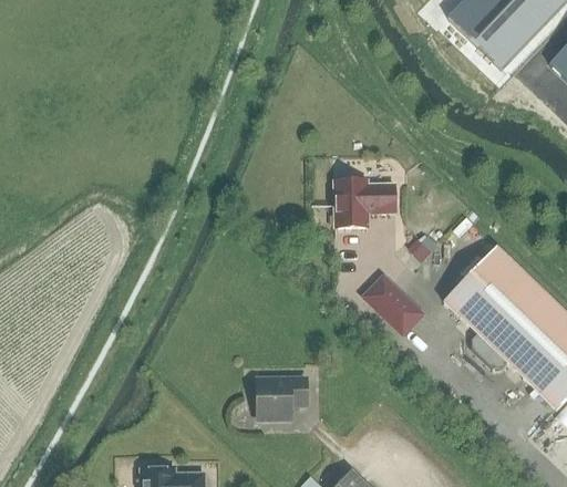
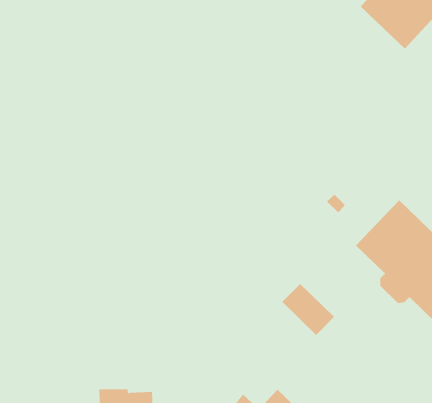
building: [334,180,395,227] -> none
building: [363,274,426,336] -> [282,283,335,336]
building: [257,379,307,418] -> none

